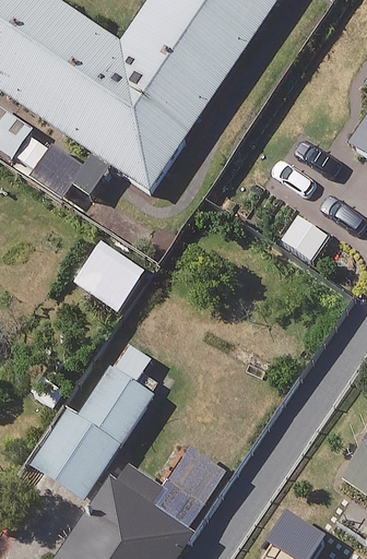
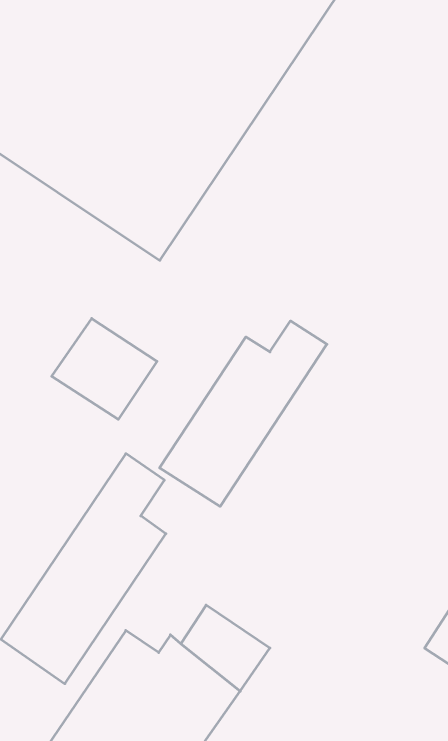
building: none -> [160,321,327,506]

